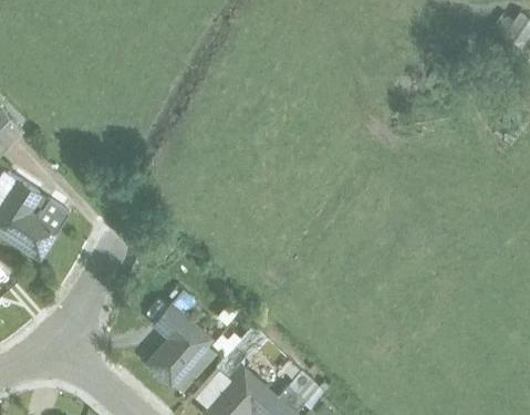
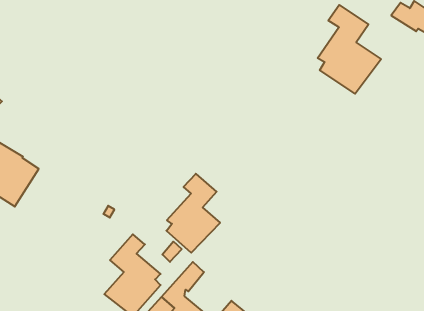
building: none -> [318,5,381,94]
building: none -> [166,174,220,253]

